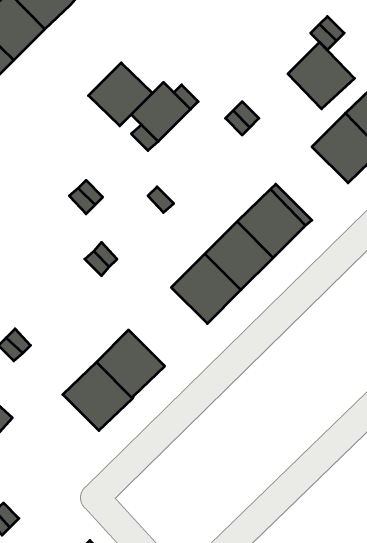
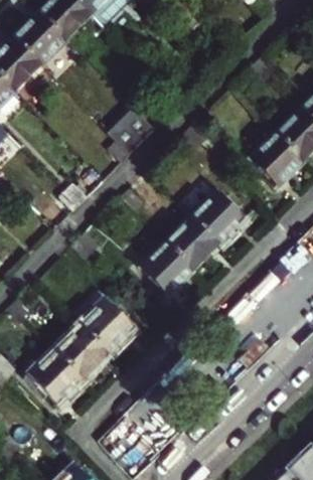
building: [288,42,355,109] -> none
building: [88,63,153,126] -> none
building: none -> [29,351,83,405]

